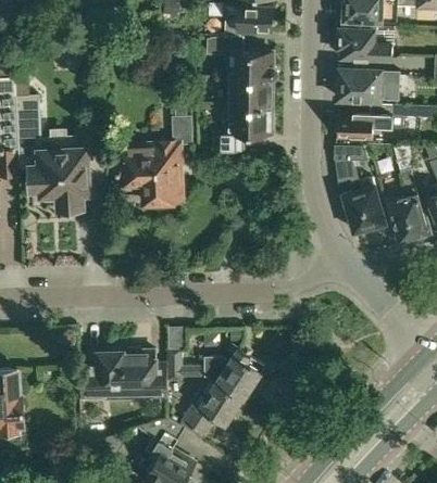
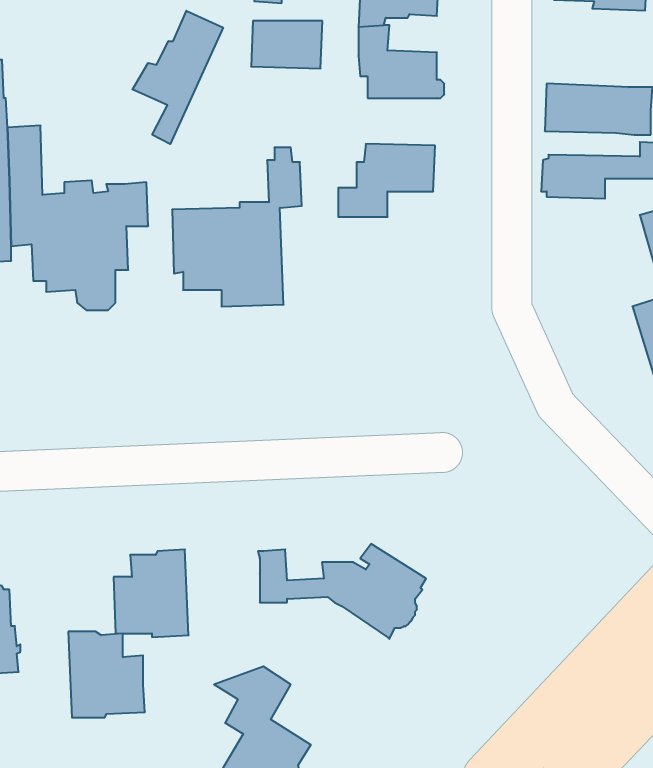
building: [337,27,396,62] -> none
building: none -> [132,11,223,144]
building: [229,80,272,109] -> [251,21,322,68]
building: [334,147,386,233] -> none
building: [122,348,167,399] -> [68,632,145,718]
building: [183,380,242,436] -> none

